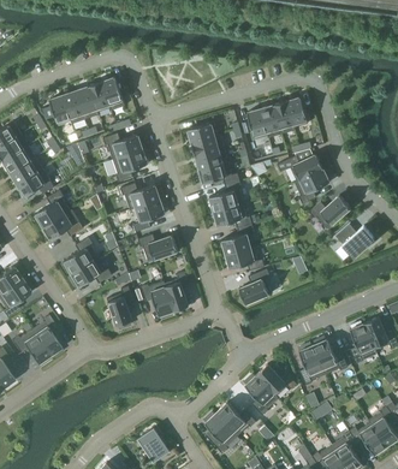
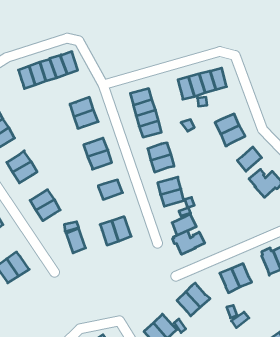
building: none -> [173,231,205,254]

